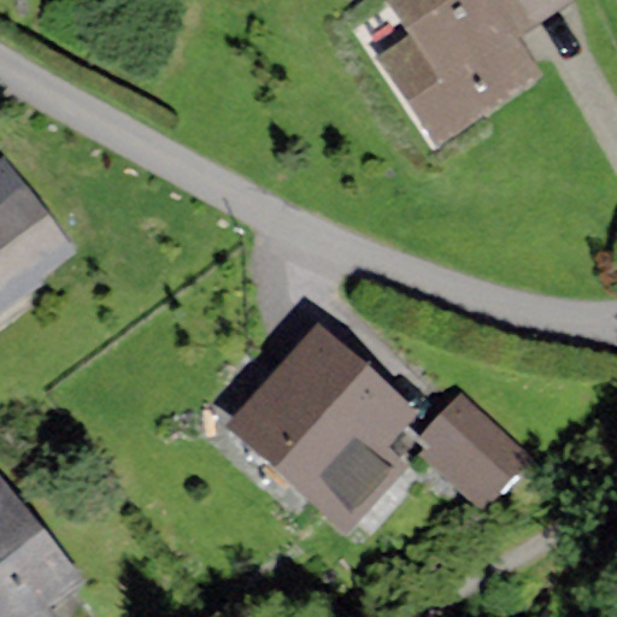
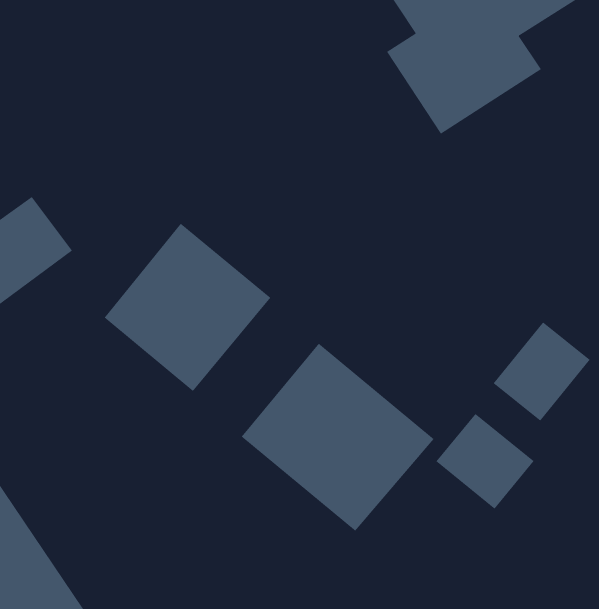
building: none -> [104,223,271,392]
building: none -> [493,321,591,421]

